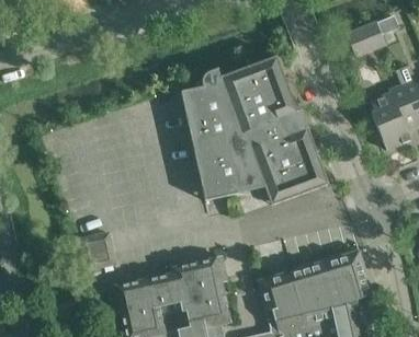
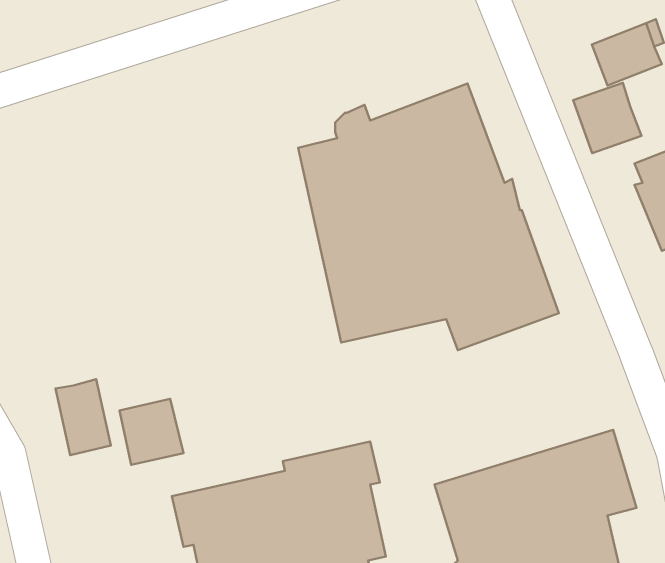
building: none -> [573,83,642,153]
building: none -> [55,379,111,455]

